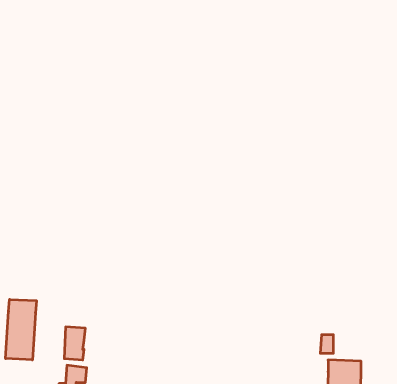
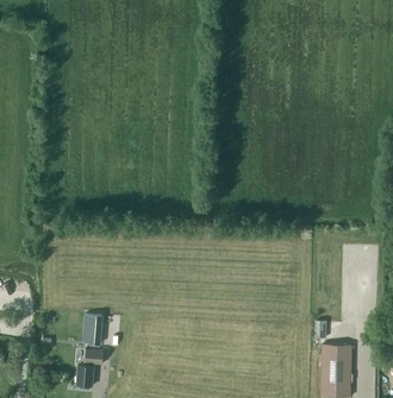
building: [6,299,36,360] -> none

